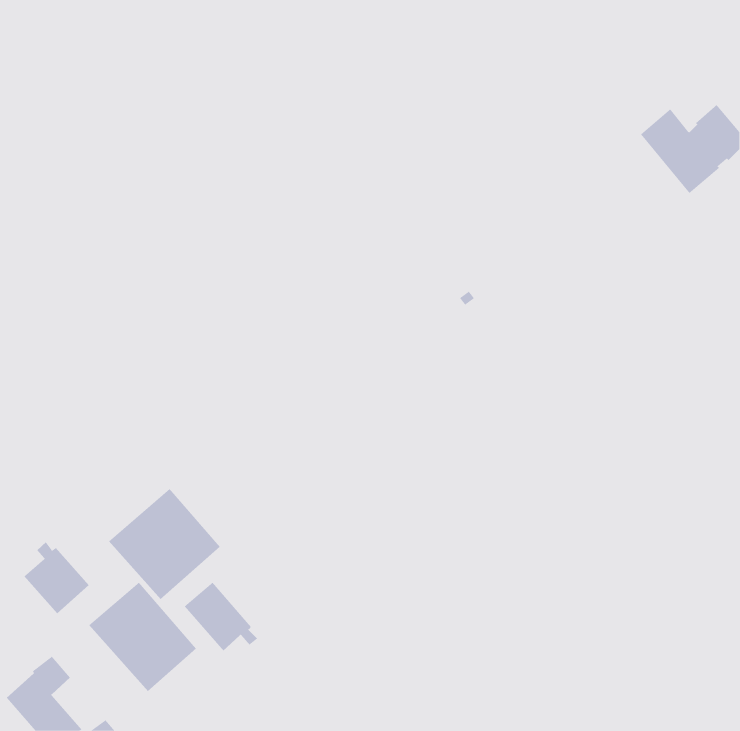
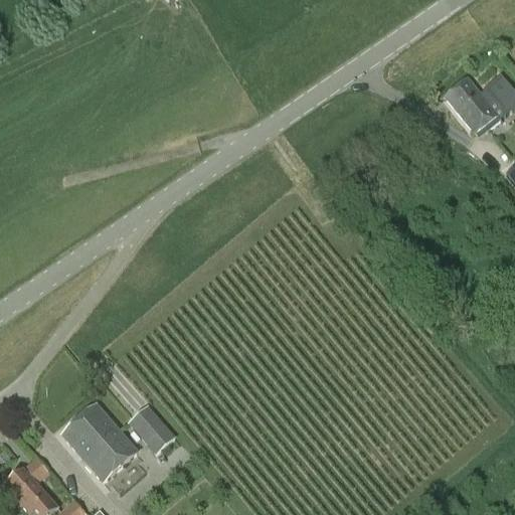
building: [108,488,221,600] -> none
building: [23,541,89,614] -> none

